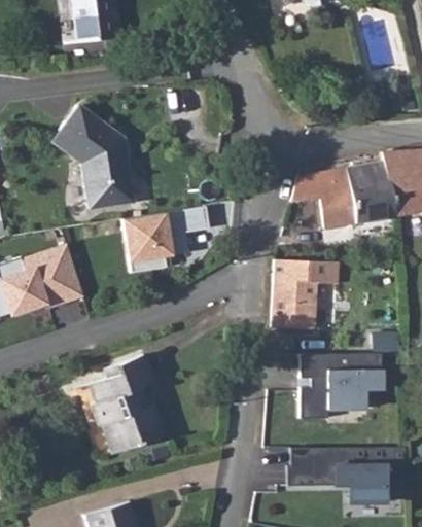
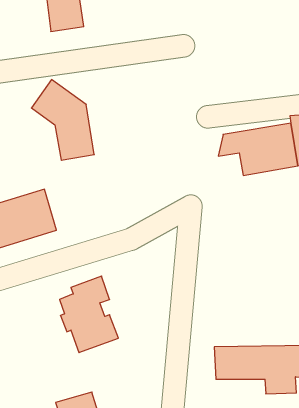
building: [121,207,210,273] -> none
building: [271,259,340,329] -> none
building: [298,354,383,418] -> none

